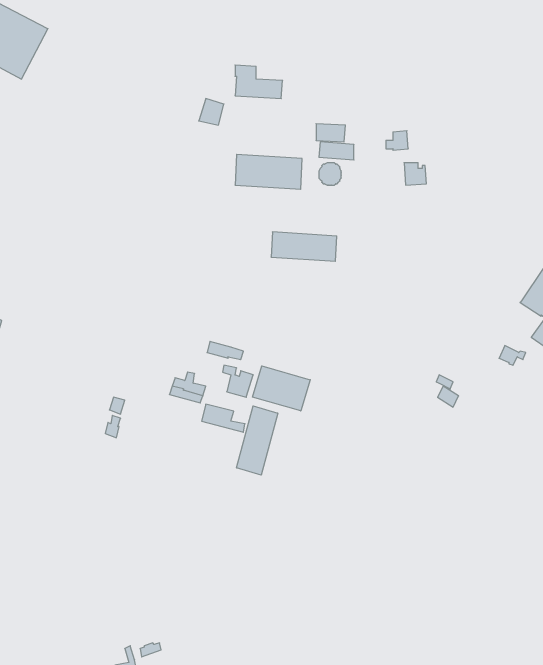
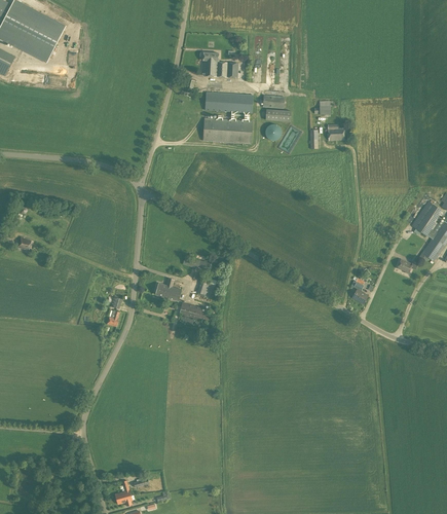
building: [271,232,337,261] -> [204,91,253,113]
building: [252,366,310,411] -> none
building: [237,406,278,475] -> none

